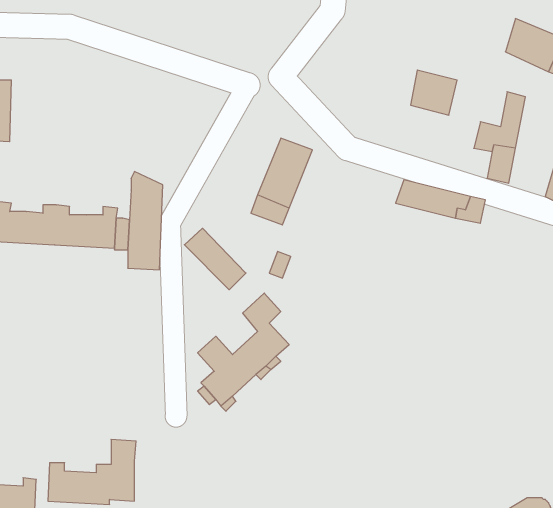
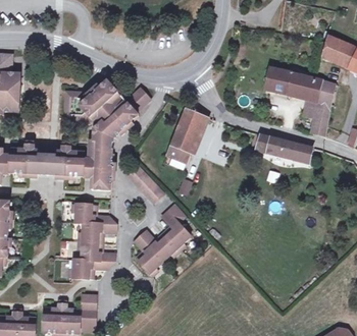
building: none -> [288,73,323,102]
building: none -> [64,80,150,137]
building: none -> [71,204,115,278]

